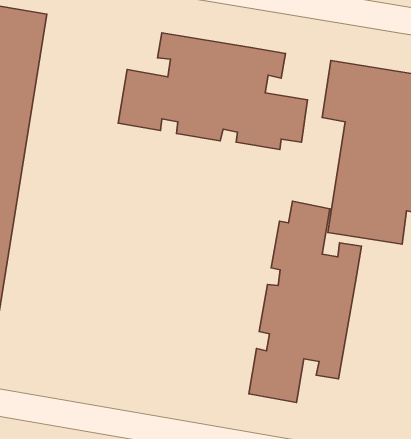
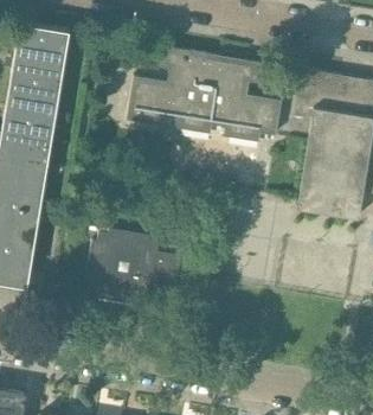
building: [249,201,362,402] -> none
building: none -> [85,228,181,305]

